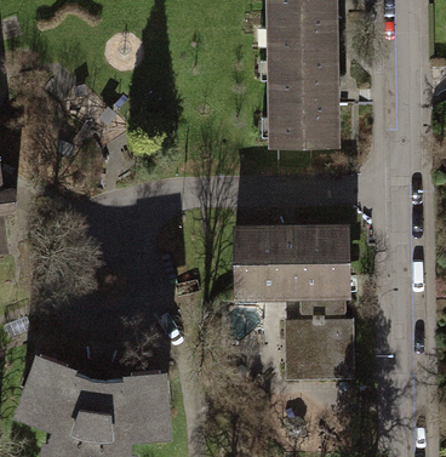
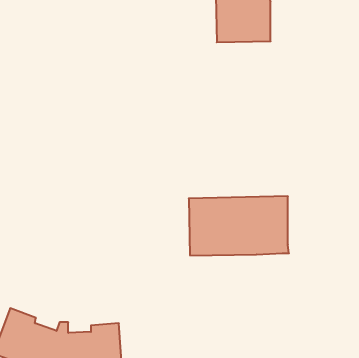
building: [269,56,330,147] -> none
building: [291,295,351,378] -> none

